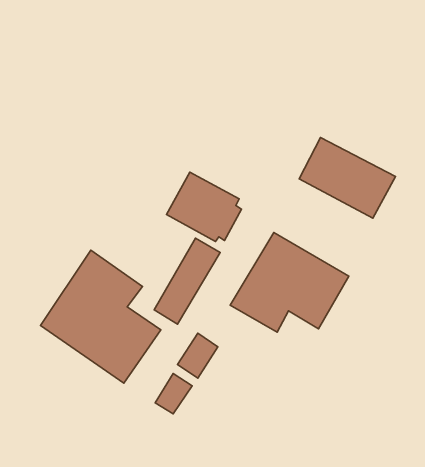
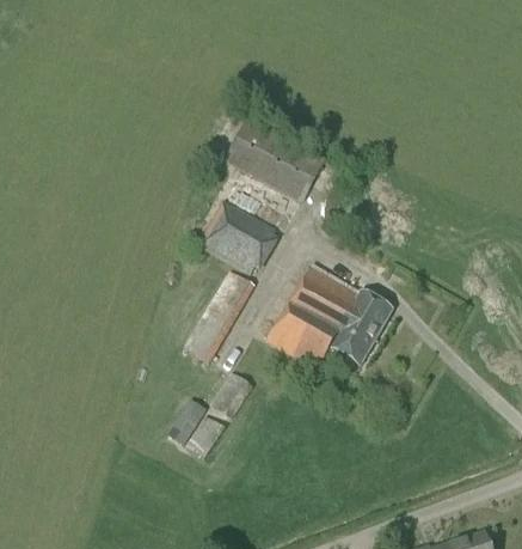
building: [299,137,395,218] -> [223,115,326,201]
building: [40,250,161,383] -> none
building: none -> [166,398,207,444]

